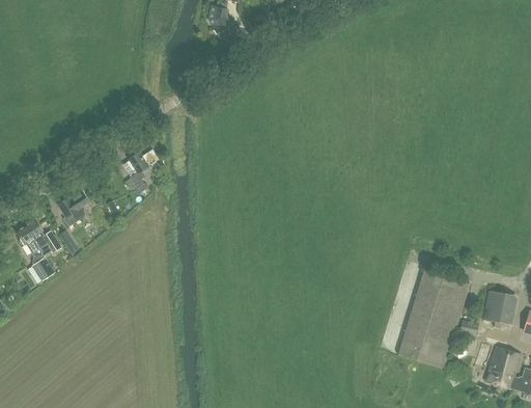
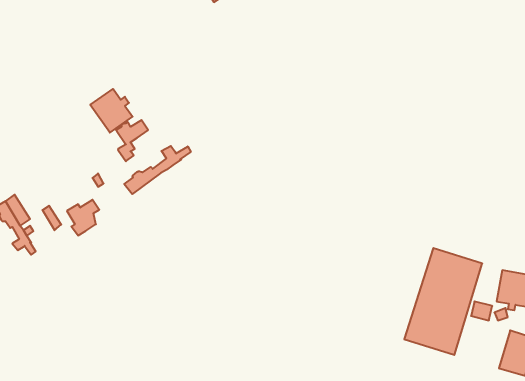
building: none -> [90,89,133,133]
building: none -> [124,146,191,194]
building: [58,192,88,225] -> [67,200,99,235]

